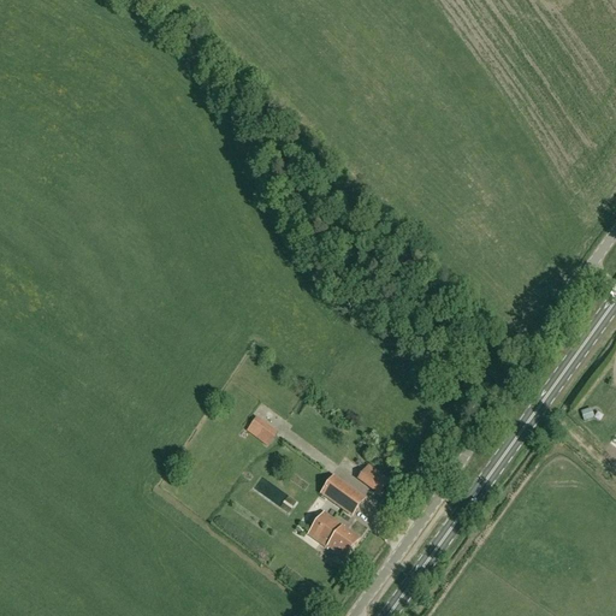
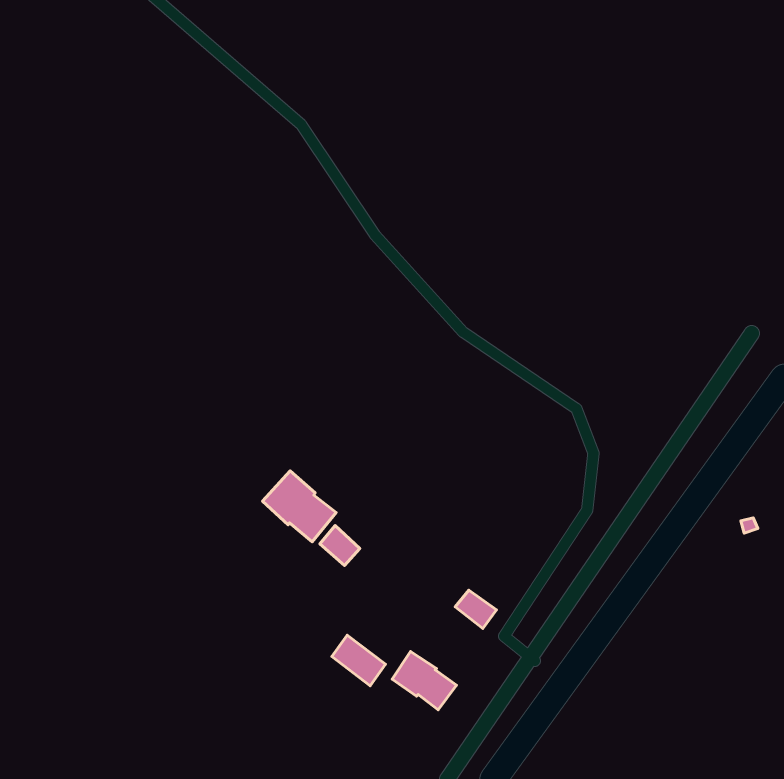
building: none -> [263,471,336,542]
building: [320,473,362,513] -> [332,635,386,686]

